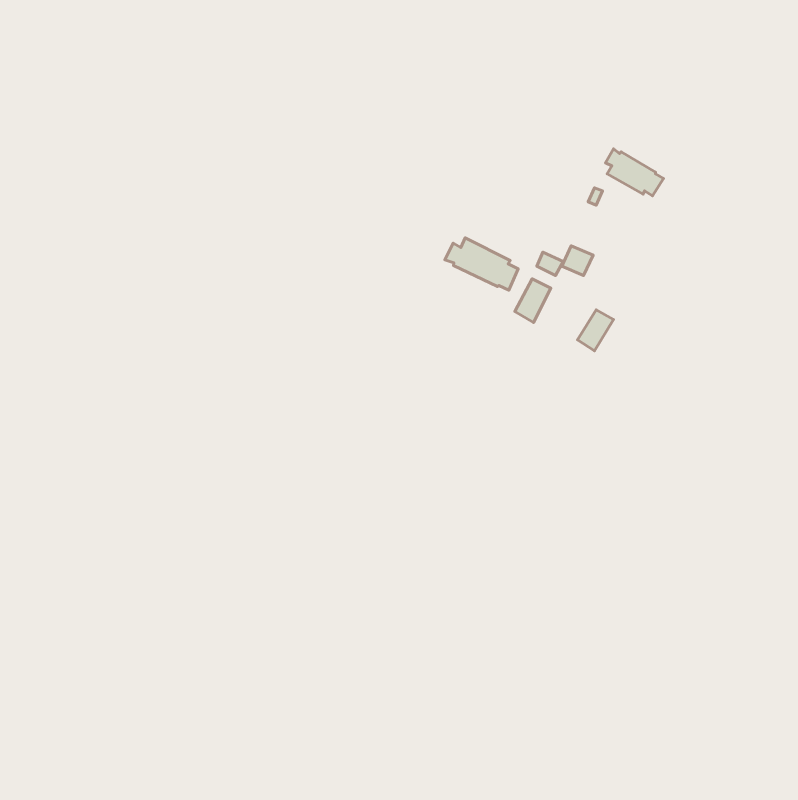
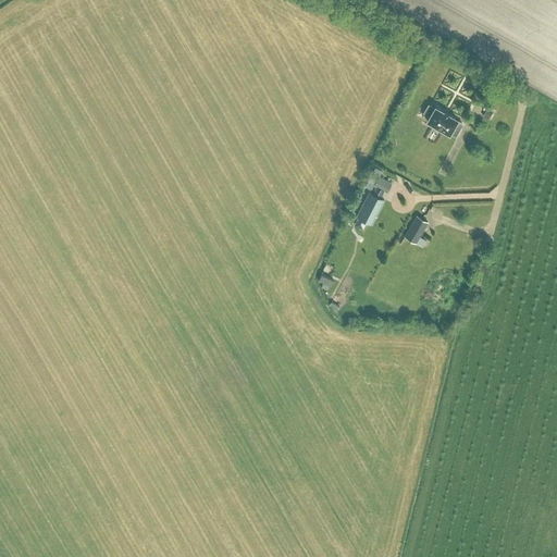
building: [445,238,518,290] -> none

